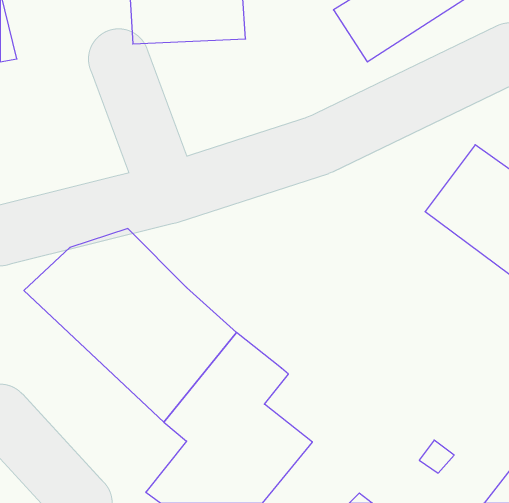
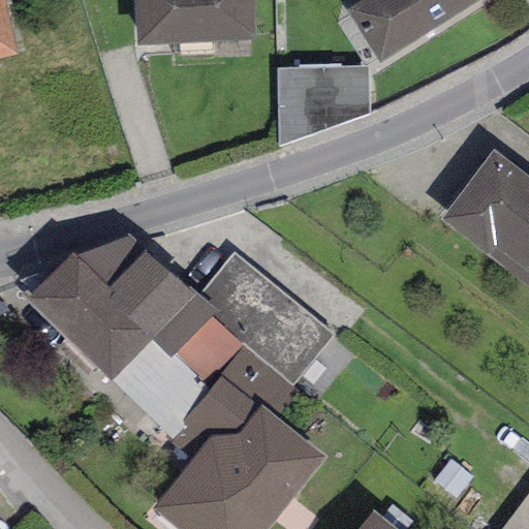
building: none -> [276,63,370,144]
building: none -> [194,249,334,381]

